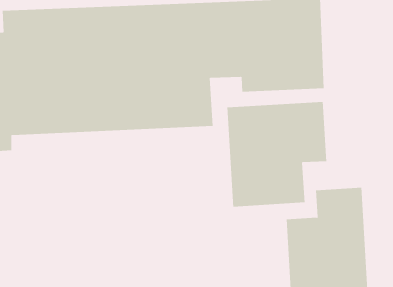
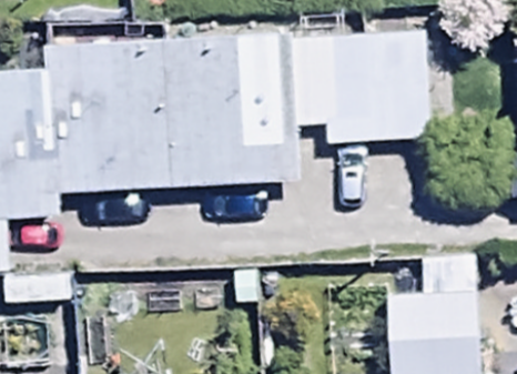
building: [227,101,327,207] -> none

